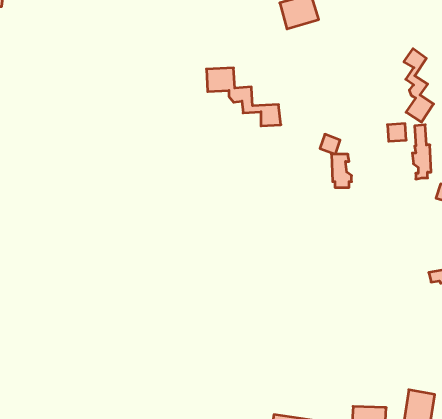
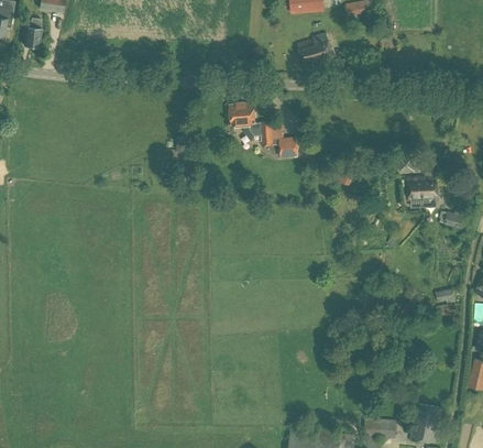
building: [404,49,434,122] -> none
building: [331,154,352,187] -> [406,176,425,207]

